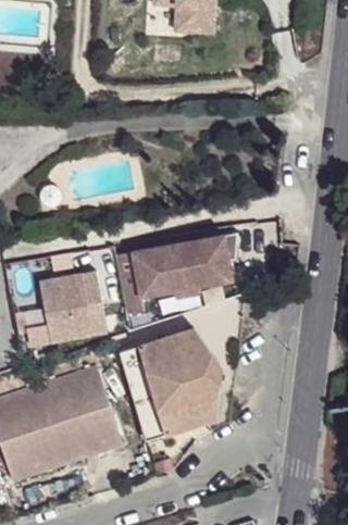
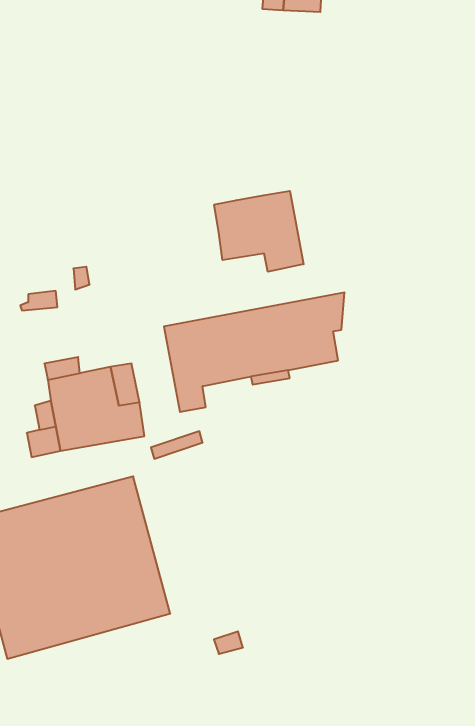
building: none -> [214,191,304,272]
building: [114,326,219,439] -> none

